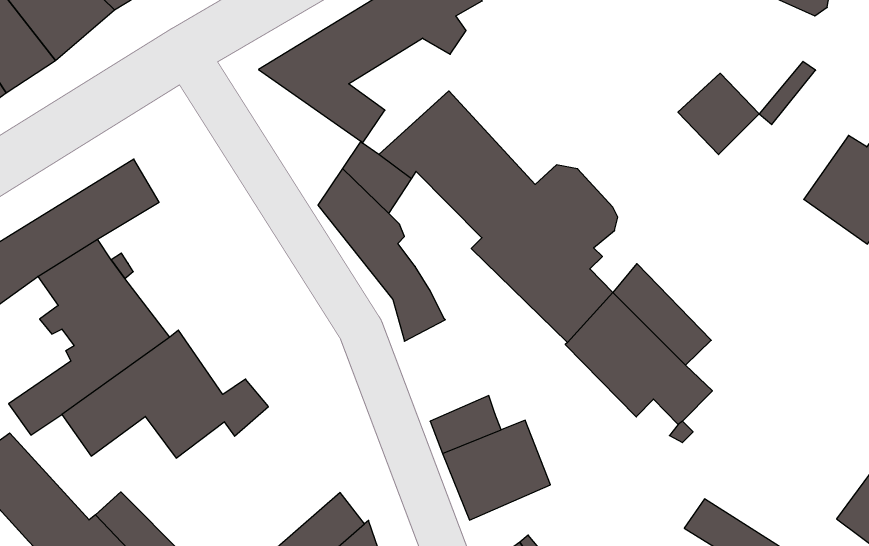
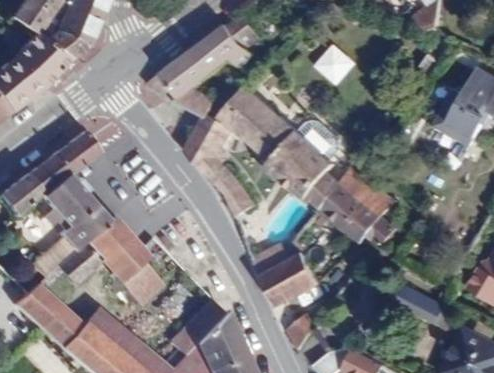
building: [678,73,759,155] -> [313,42,355,84]
building: none -> [124,266,167,310]

